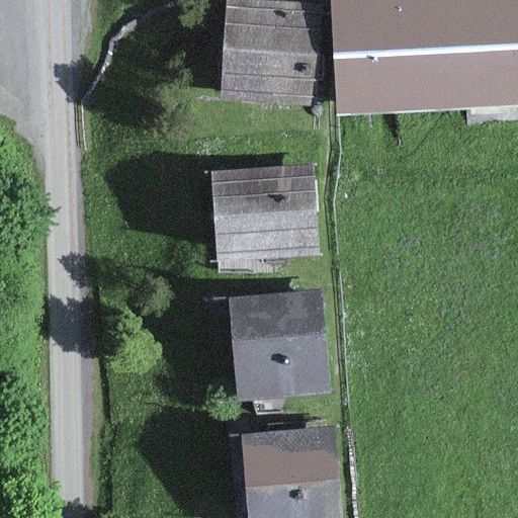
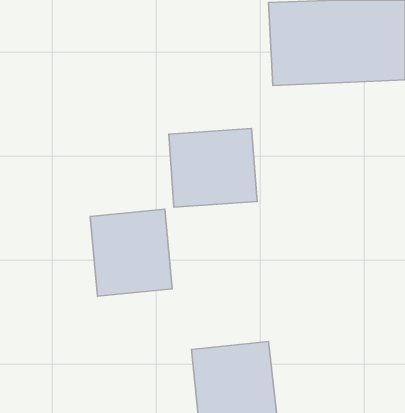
building: [219,8,321,96] -> none
building: [228,292,330,401] -> [90,209,172,296]

